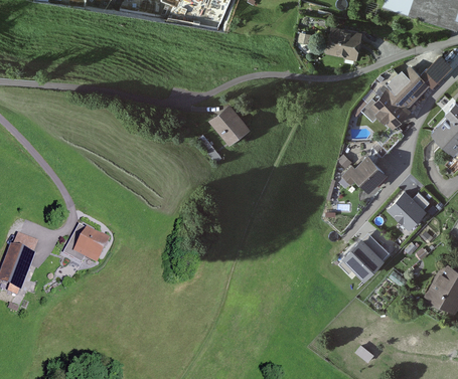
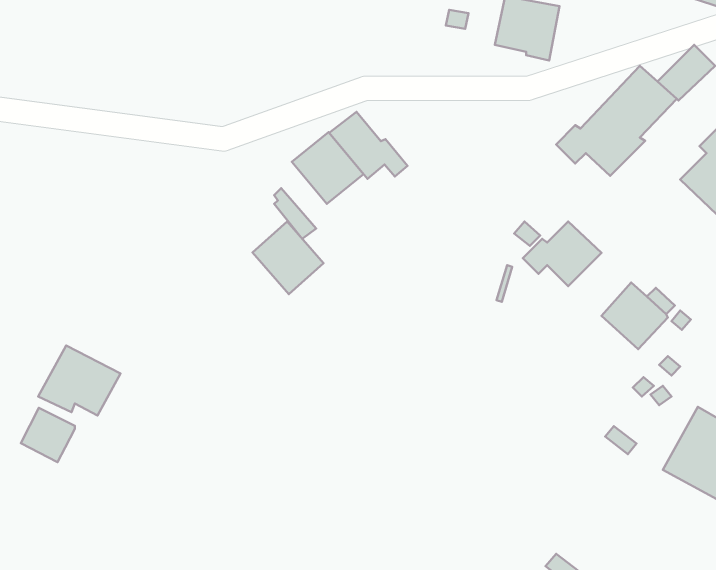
building: none -> [329,112,408,179]
building: none -> [252,221,323,294]
building: [342,231,391,279] -> none
building: none -> [21,408,75,462]

